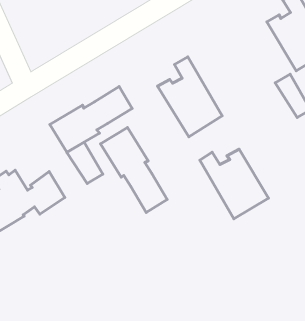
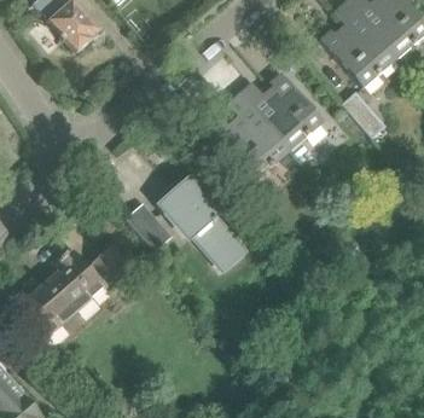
building: [50,87,132,152] -> none
building: [200,149,268,219] -> [242,72,324,150]

